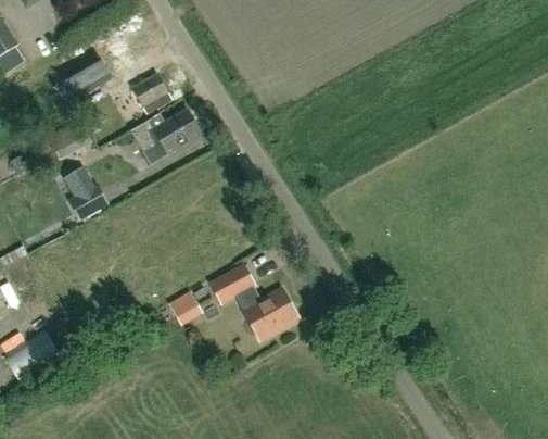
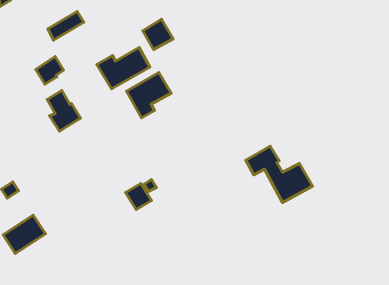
building: [132,73,173,113] -> [143,19,173,49]
building: none -> [127,73,171,118]
building: [211,265,300,340] -> [246,146,313,202]

